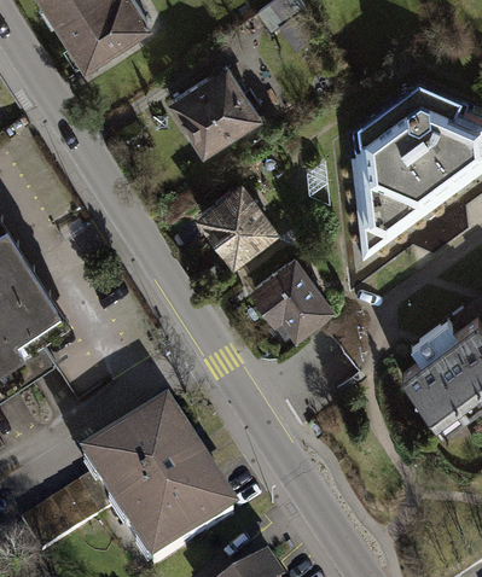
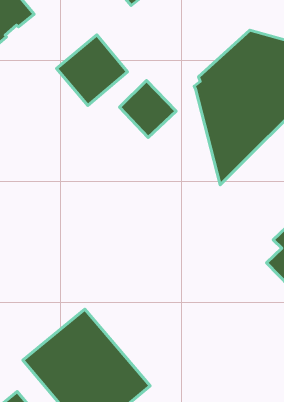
building: [203,188,274,261] -> [119,81,176,138]
building: [256,262,330,332] -> none

